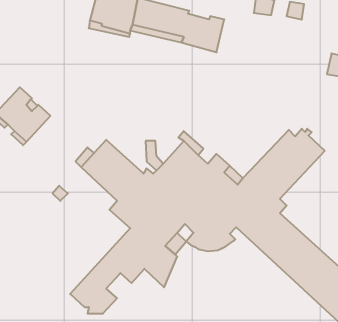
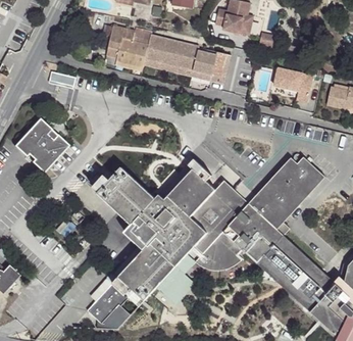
building: none -> [273,67,313,102]

